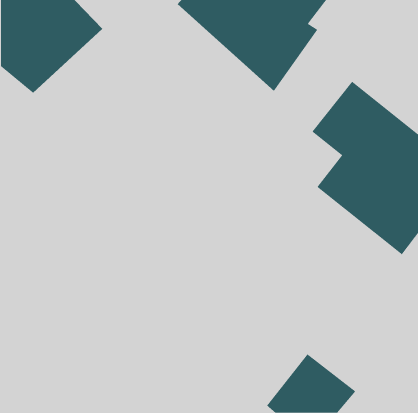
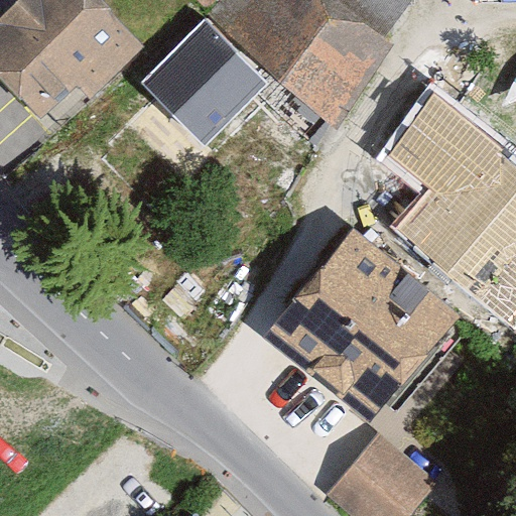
building: none -> [155,13,267,125]
building: none -> [266,228,459,422]

